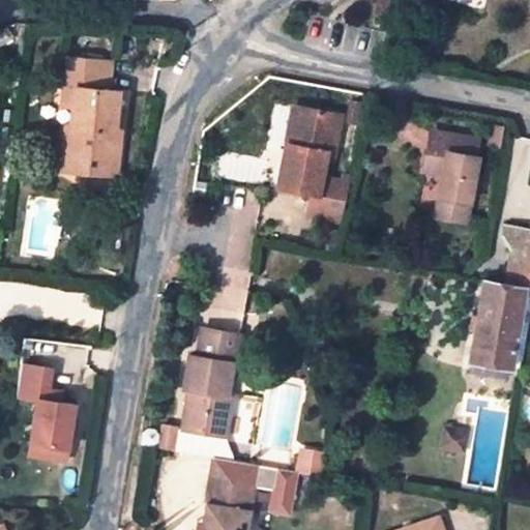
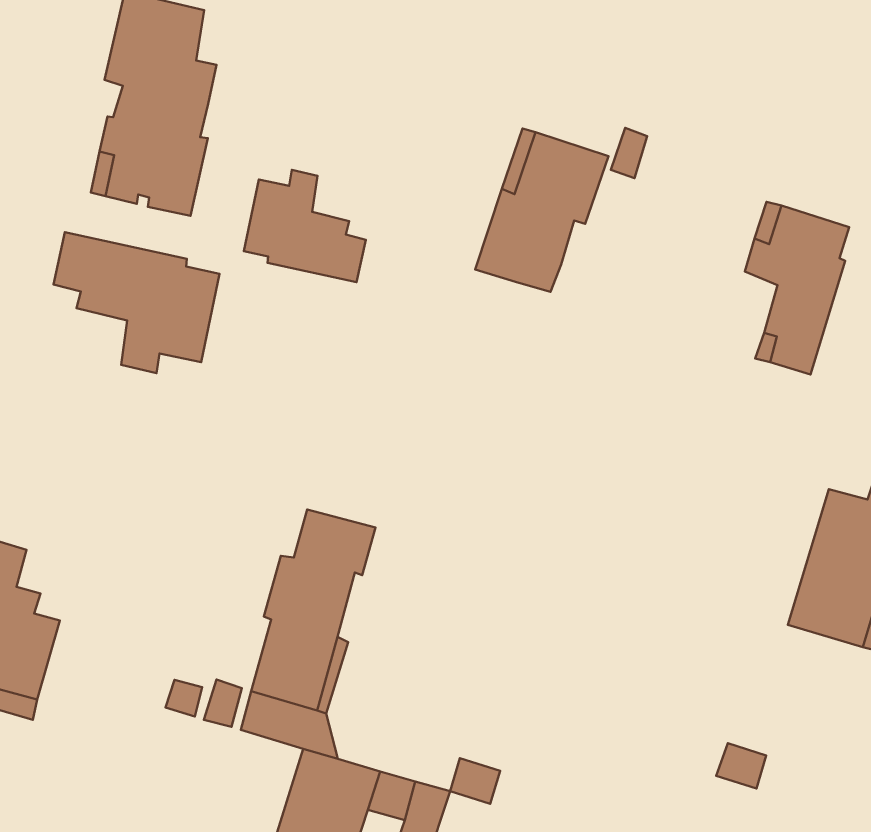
building: none -> [244,170,366,282]
building: [307,175,349,220] -> none
building: none -> [54,232,220,373]

